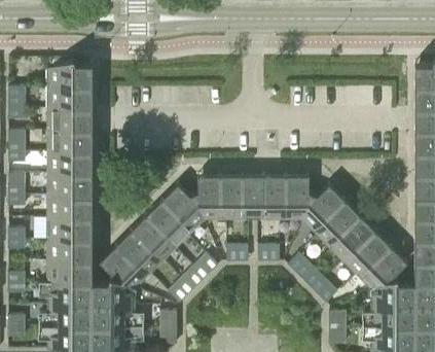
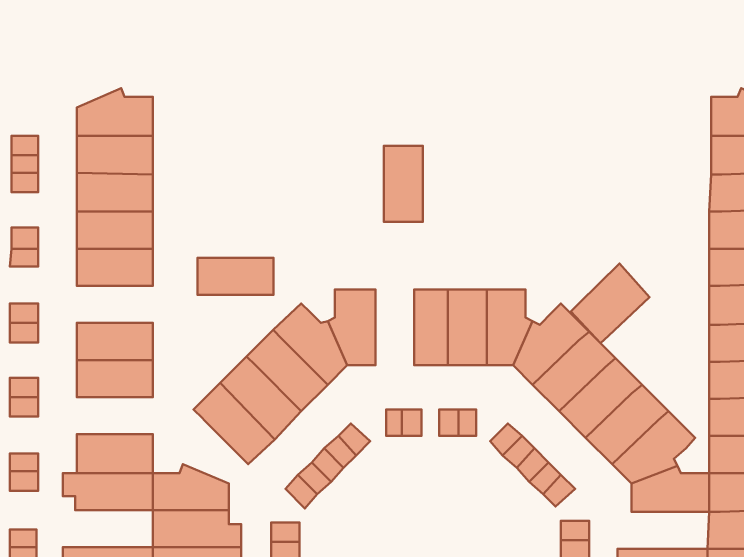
building: none -> [571,264,650,343]
building: [46,173,90,195] -> [198,258,274,295]
building: [220,175,243,219] -> [384,146,423,222]
building: [46,238,90,259] -> none
building: [98,245,146,288] -> none
building: [38,304,90,325] -> none
building: [361,305,414,326] -> none

